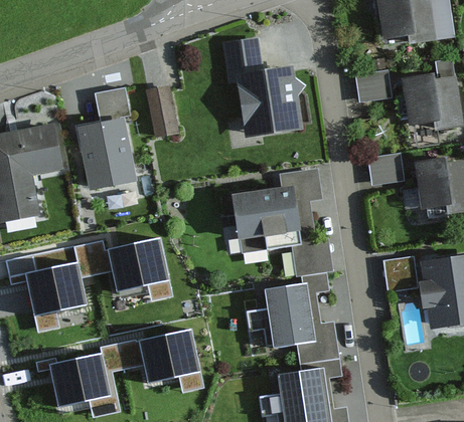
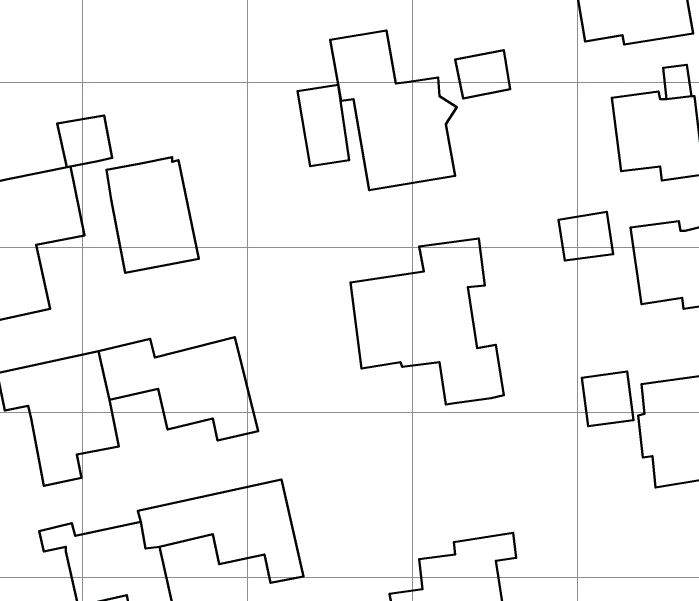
building: [355,70,391,101] -> [455,50,510,99]
building: [145,84,178,137] -> [298,85,349,166]
building: [94,88,129,122] -> [57,116,112,167]
building: [246,272,339,365] -> none

